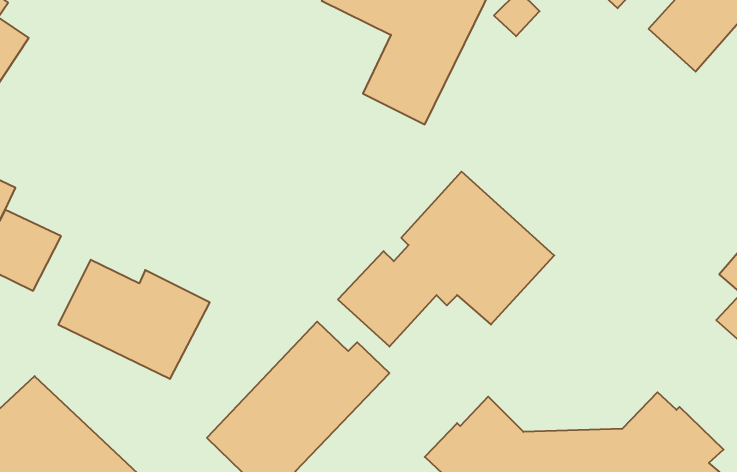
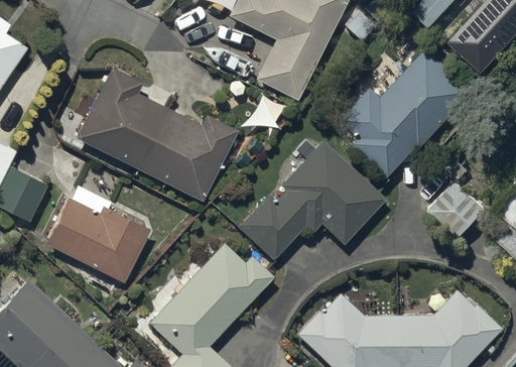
building: none -> [343,45,474,177]
building: none -> [76,69,236,200]
building: none -> [427,157,487,239]

